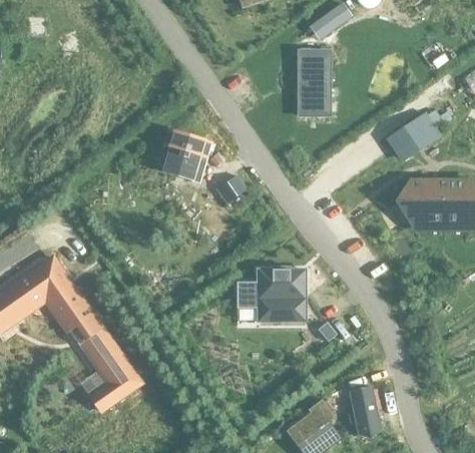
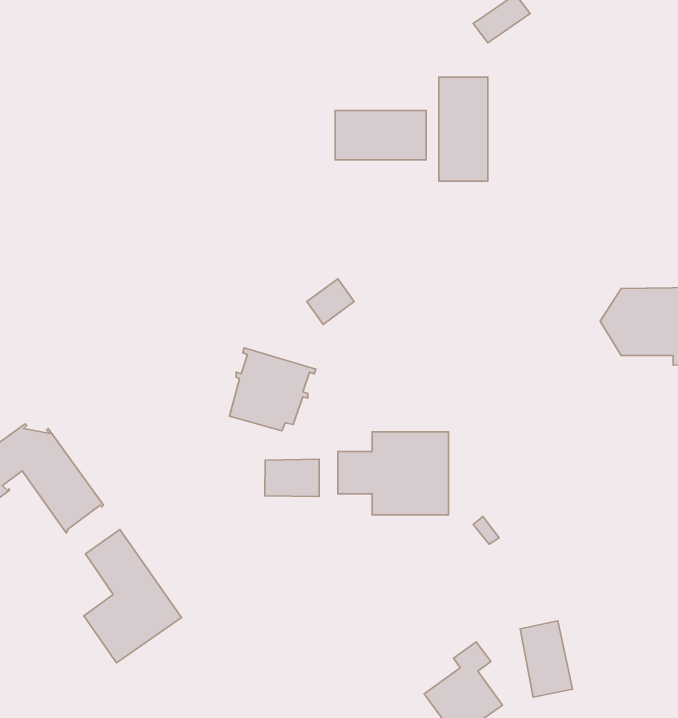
building: none -> [335,111,426,160]
building: [385,111,441,162] -> none
building: [159,127,212,178] -> [230,348,316,431]
building: none -> [265,459,319,496]

